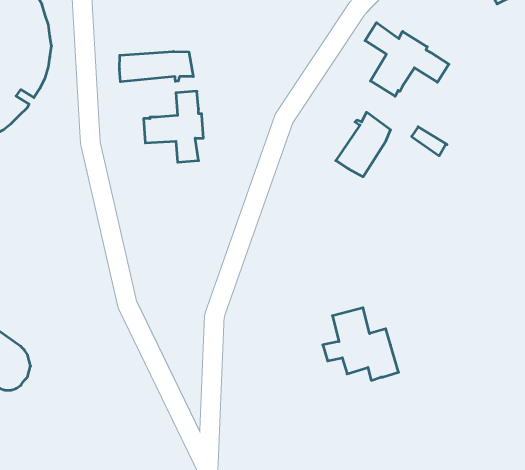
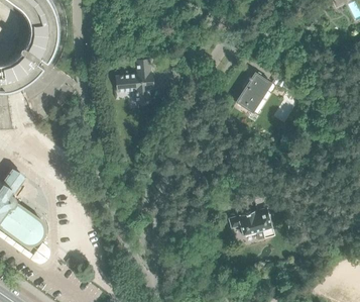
building: [365,23,449,96] -> none
building: [120,51,193,82] -> none

